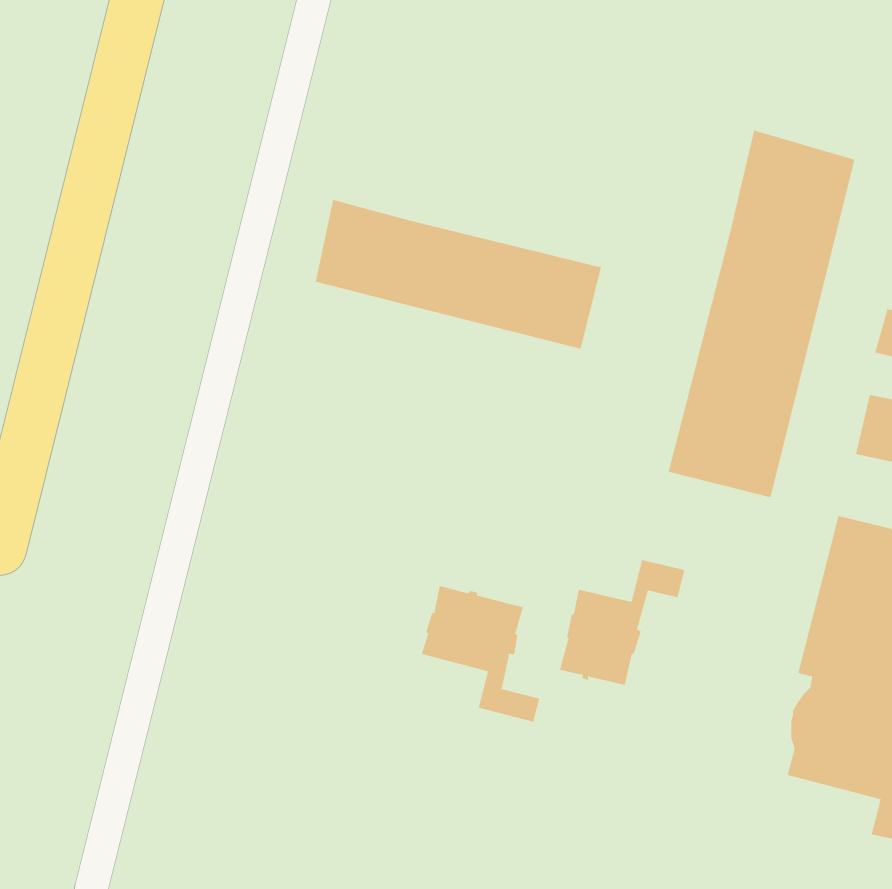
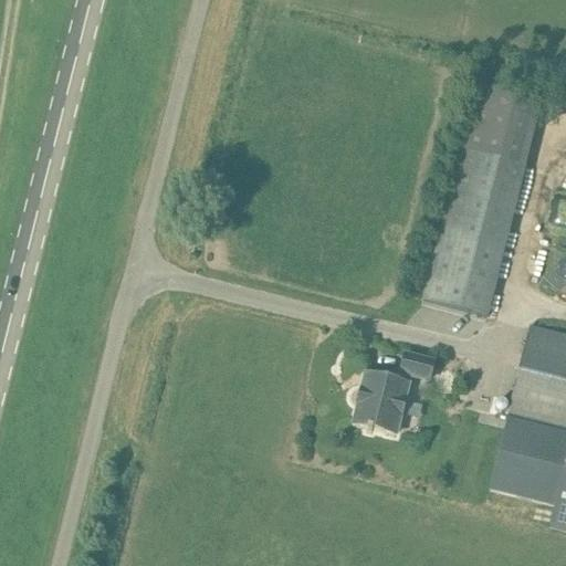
building: [315,199,601,350] -> none
building: [421,585,540,722] -> none

